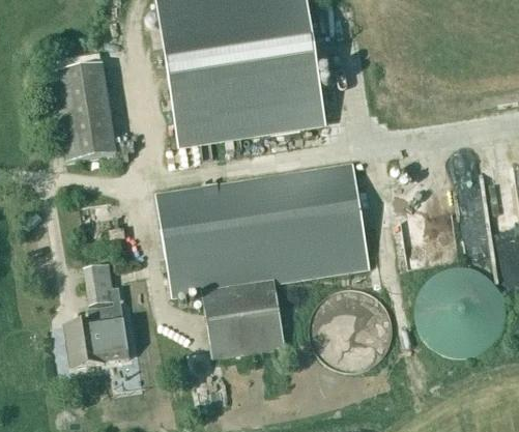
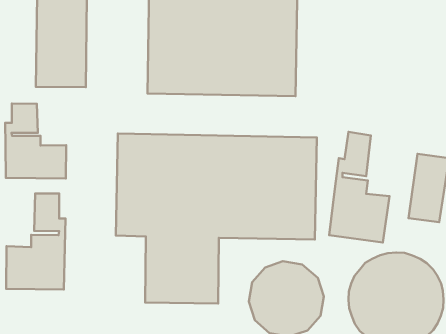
building: none -> [329,132,389,243]
building: none -> [5,103,66,178]

